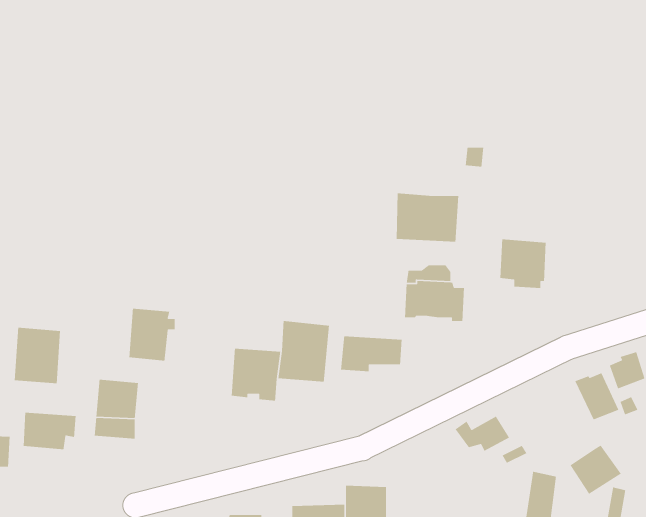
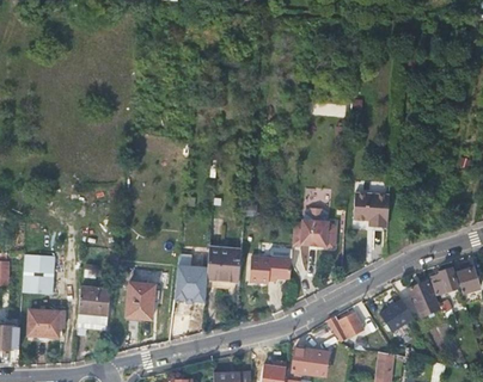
building: [396,192,459,242] -> none
building: [129,308,175,361] -> [126,282,158,319]
building: [570,444,622,495] -> [379,298,415,333]
building: none -> [292,345,326,375]

